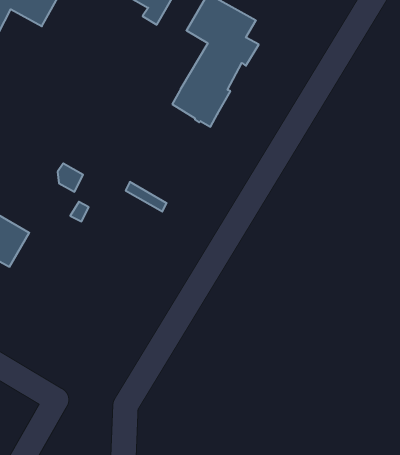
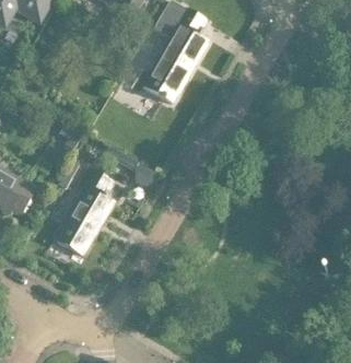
building: none -> [51,166,110,253]

